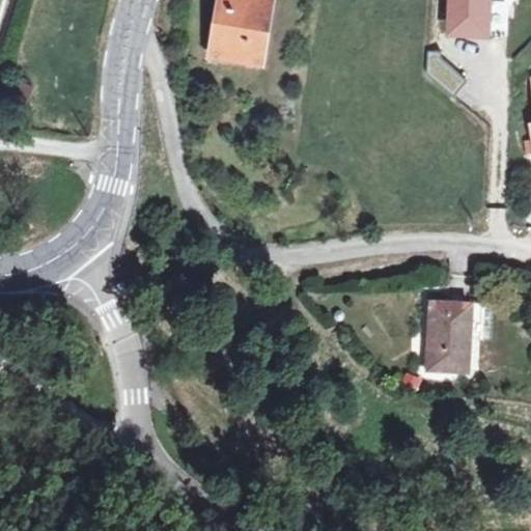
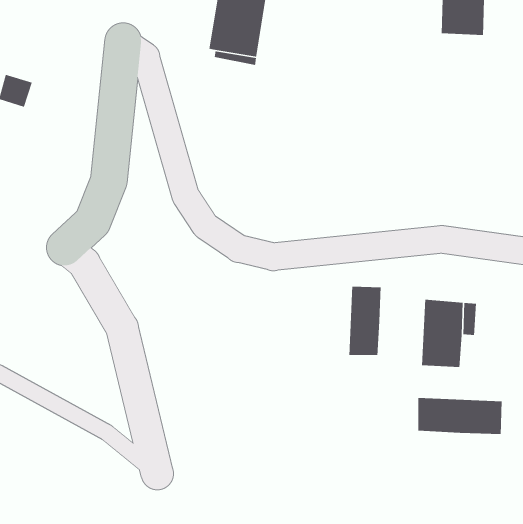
building: none -> [348,286,381,356]
building: none -> [418,397,503,435]

